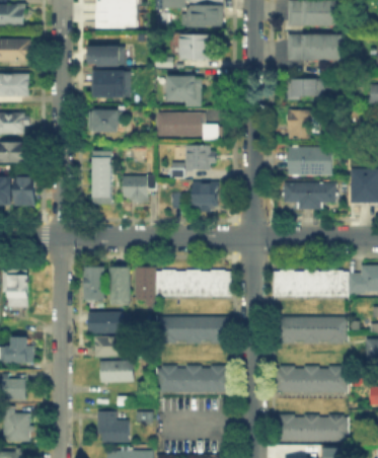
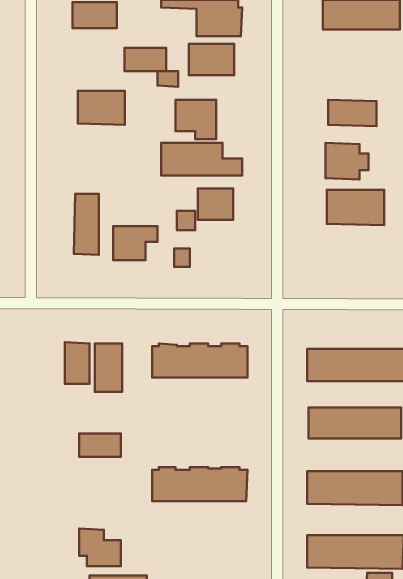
building: [289,35,344,61] -> none
building: [92,48,125,66] -> [124,48,166,71]
building: [89,112,121,132] -> none
building: [193,182,218,213] -> none
building: [283,183,336,210] -> none
building: [132,265,152,303] -> none
building: [91,314,122,332] -> none
building: [153,314,227,340] -> none
building: [101,362,132,382] -> none

